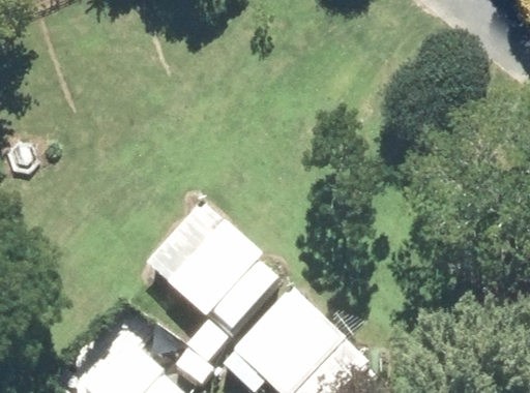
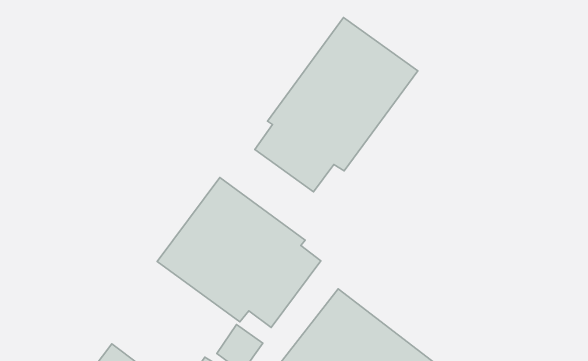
building: none -> [255,18,418,192]

